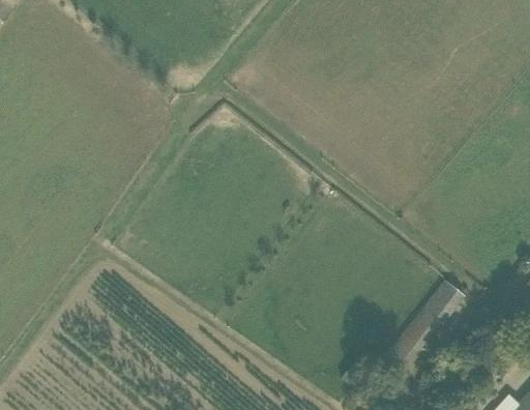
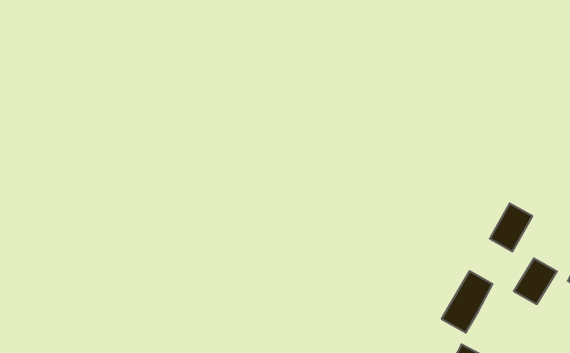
building: [413,293,451,331] -> [514,258,557,304]

